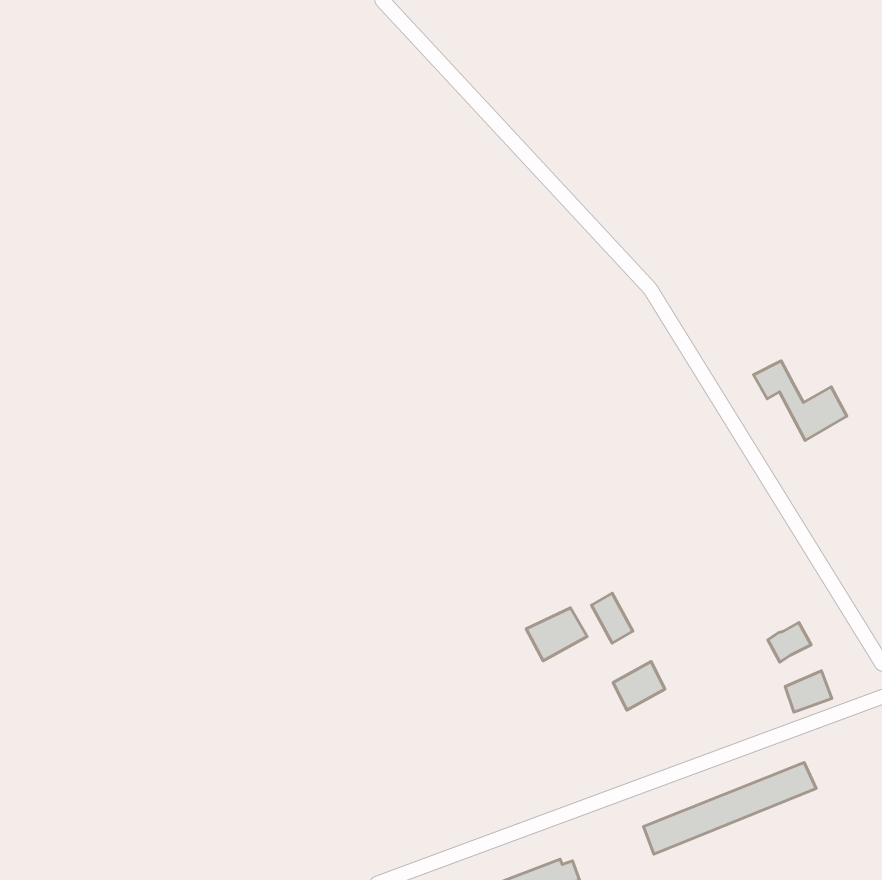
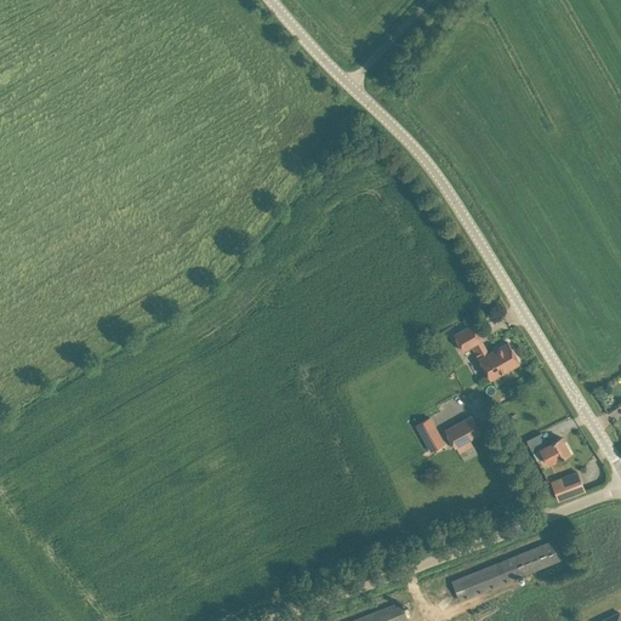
building: [753,361,847,440] -> [452,326,518,382]
building: [526,608,587,661] -> none
building: [613,662,665,710] -> [444,416,480,450]

